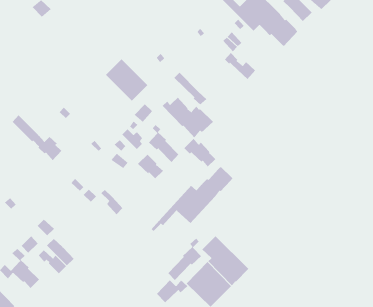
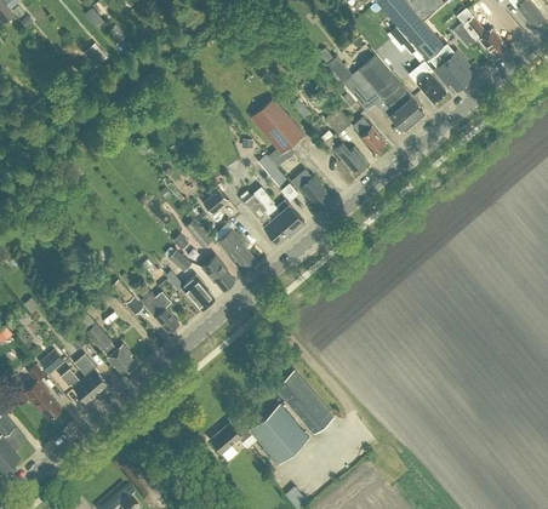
building: none -> [353,116,387,153]
building: [105,58,148,101] -> [250,97,304,154]
building: [12,115,62,161] -> [76,311,138,376]
building: [183,138,216,167] -> [291,168,332,208]
building: [150,166,233,232] -> none
building: none -> [182,275,216,309]
building: [168,238,202,281] -> none

